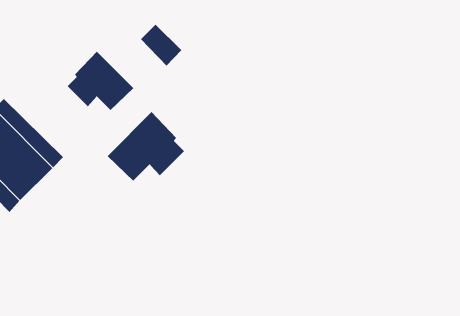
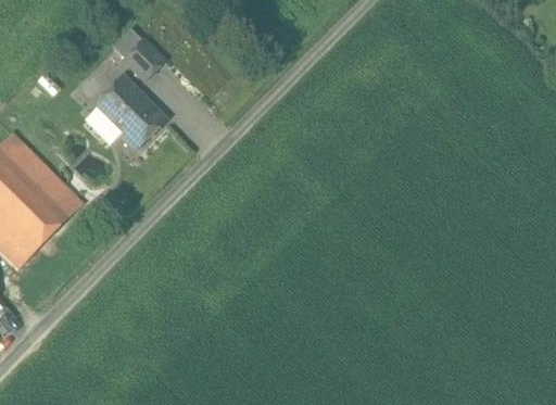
building: [140,24,182,67] -> [114,28,164,79]
building: [107,111,185,181] -> none

